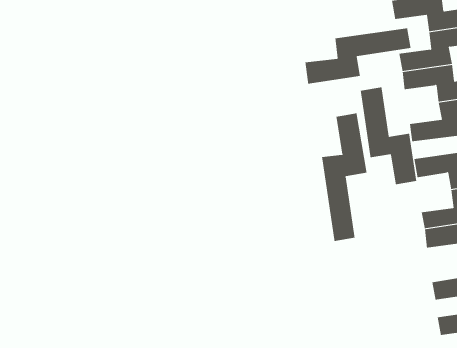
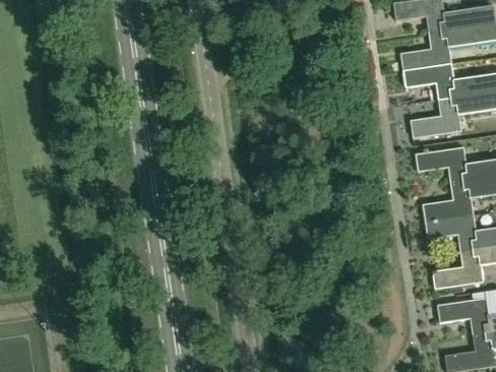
building: [305,27,411,85] -> none
building: [360,86,417,185] -> none
building: [322,112,367,242] -> none

